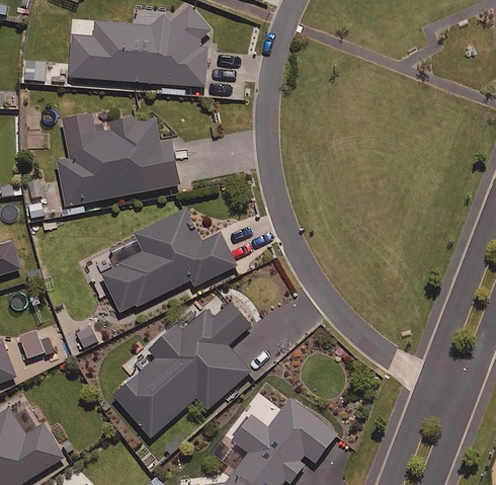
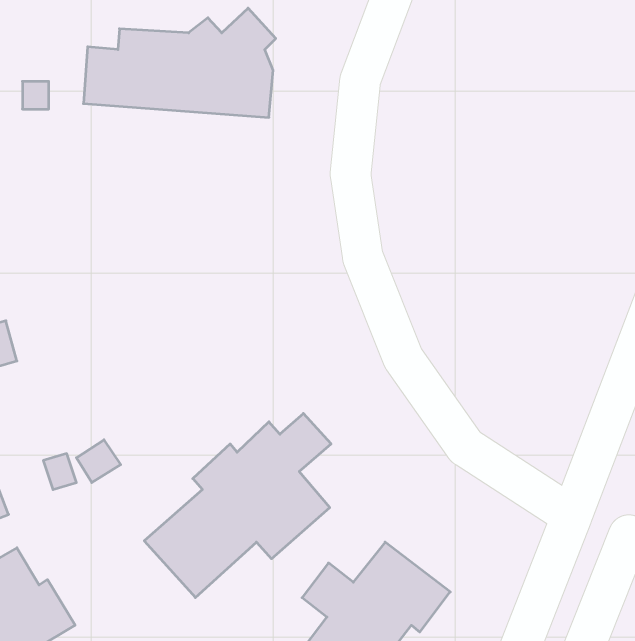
building: [57,114,178,207] -> none
building: [79,211,235,315] -> none

